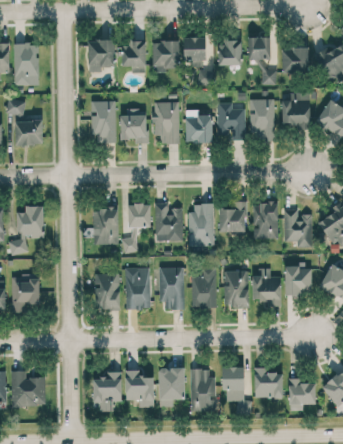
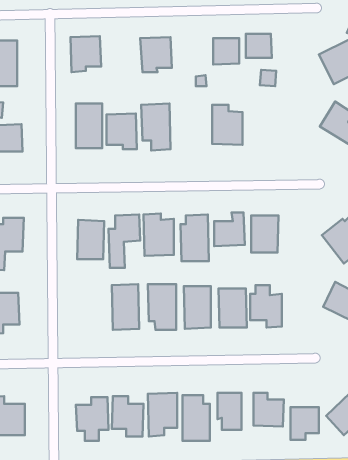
building: [184,37,205,67] -> none
building: [121,40,146,72] -> none
building: [281,48,309,72] -> none
building: [281,92,310,129] -> none
building: [249,99,274,140] -> none
building: [185,110,213,143] -> none
building: [283,210,312,247] -> none
building: [285,265,311,295] -> none
building: [91,272,120,310] -> none

